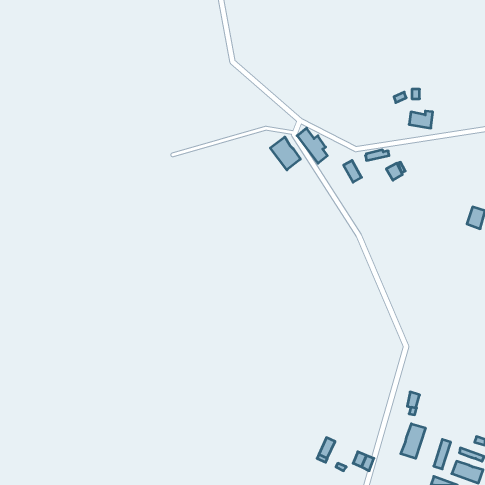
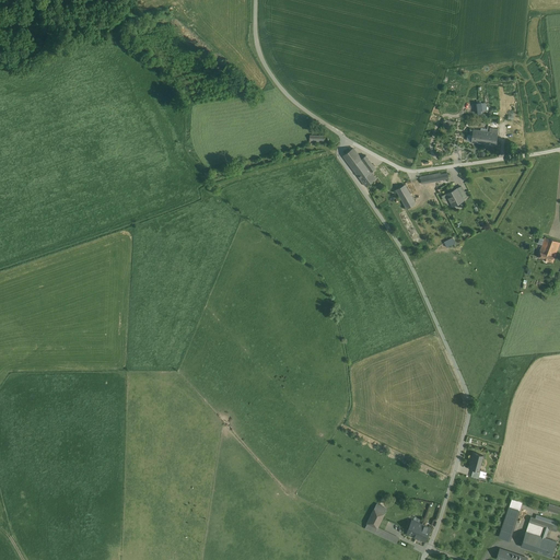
building: [270,137,300,170] -> none
building: [401,424,425,458] -> none

